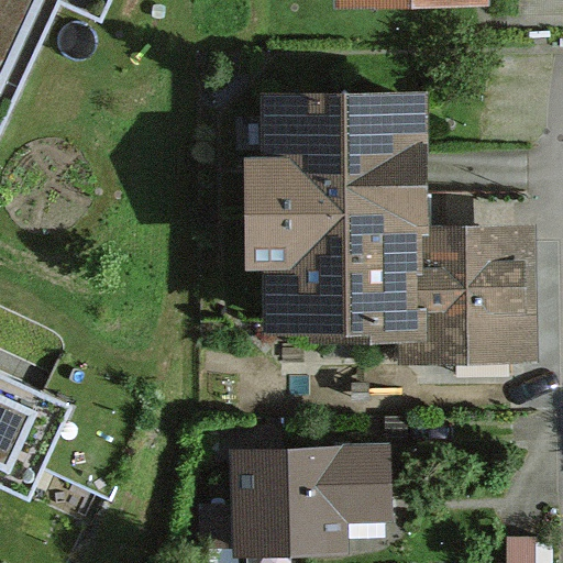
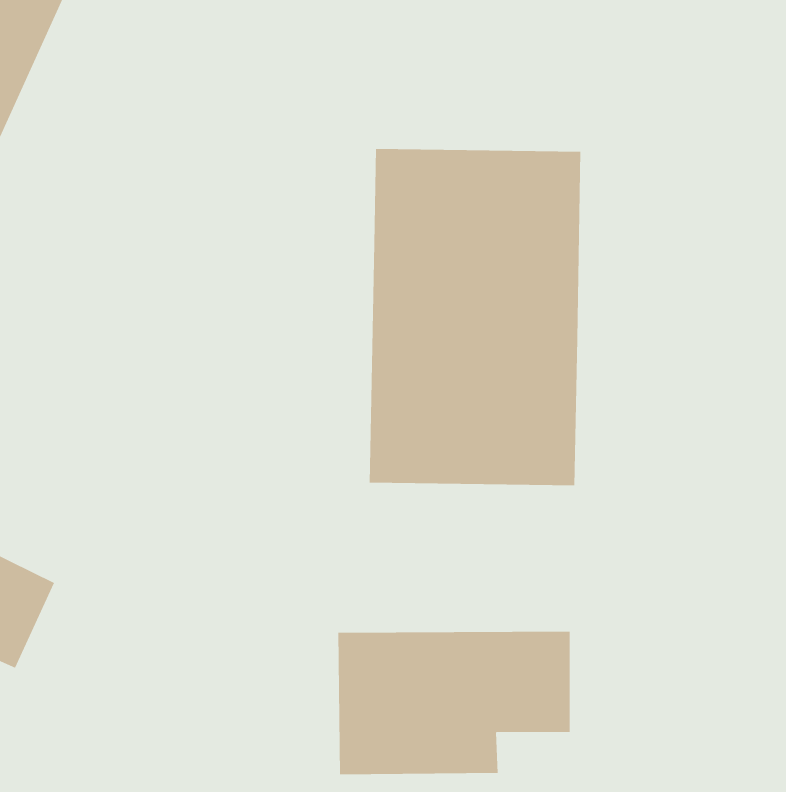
building: [405,239,518,367] -> none

